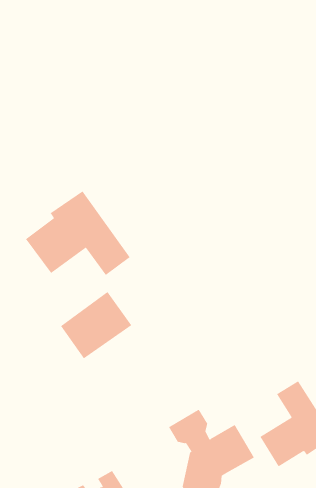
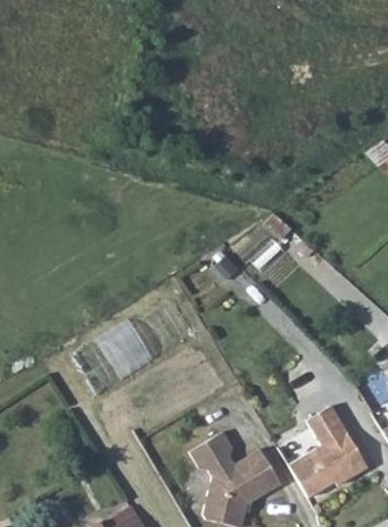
building: [25,190,130,276] -> none

